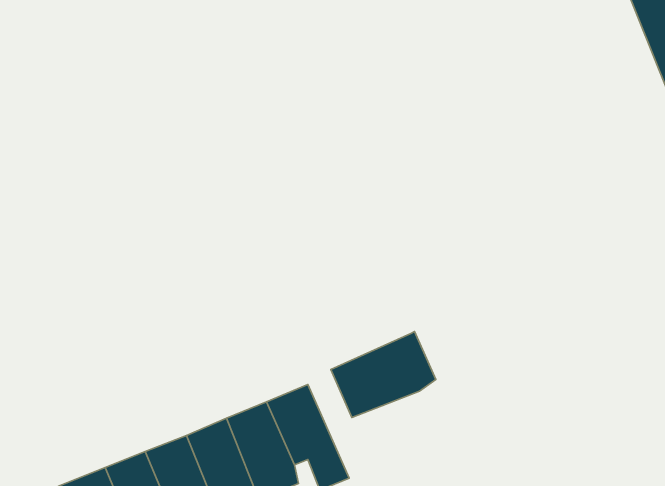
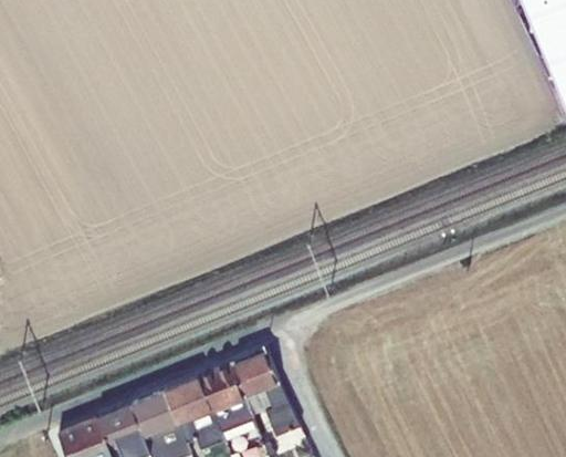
building: [331,332,436,417] -> none

